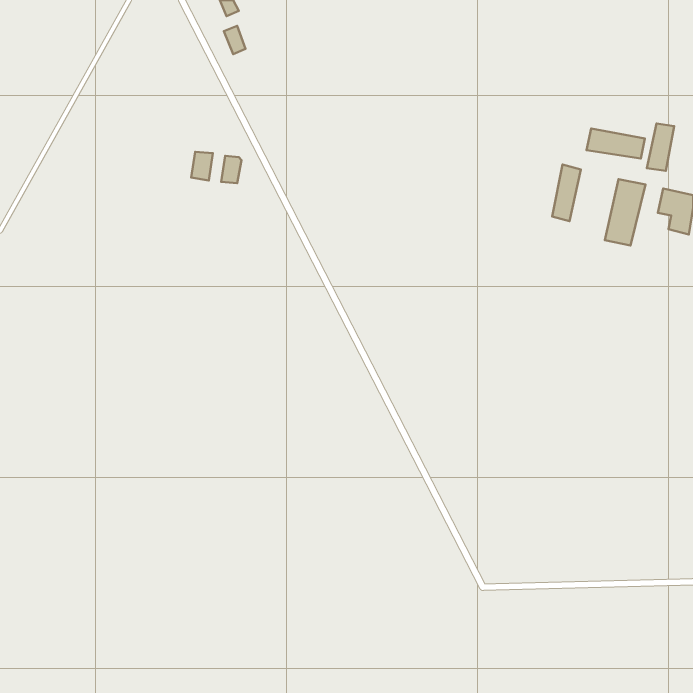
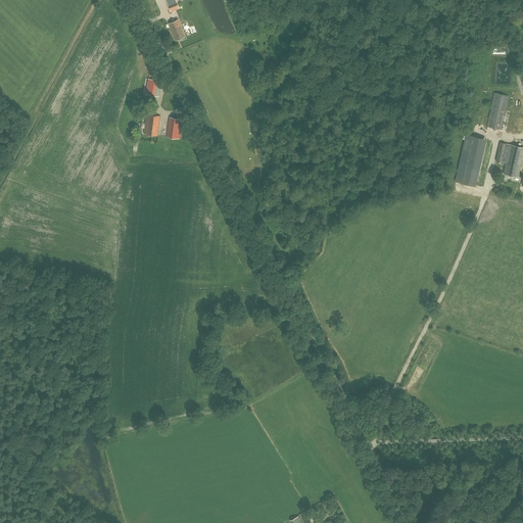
building: [586,129,645,158] -> none
building: [552,165,581,221] -> none

